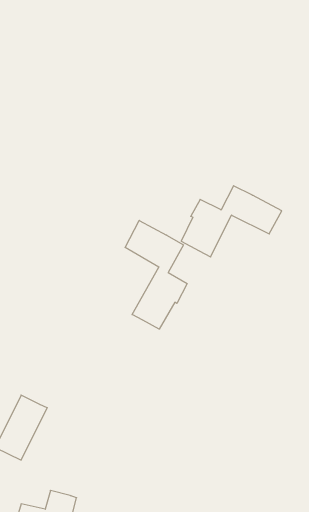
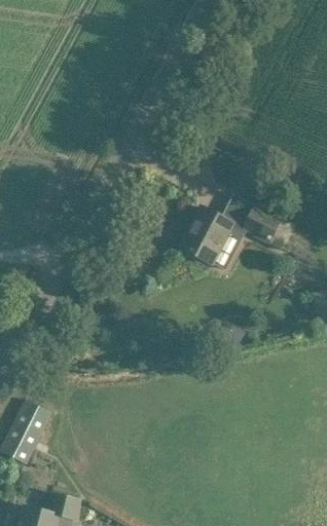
building: [125,220,187,329] -> none

